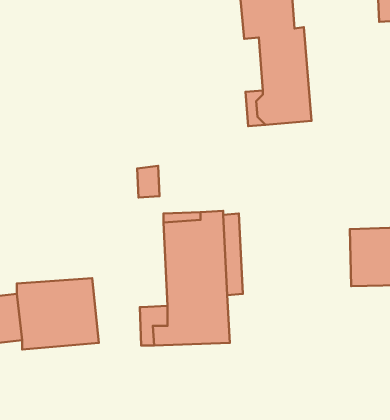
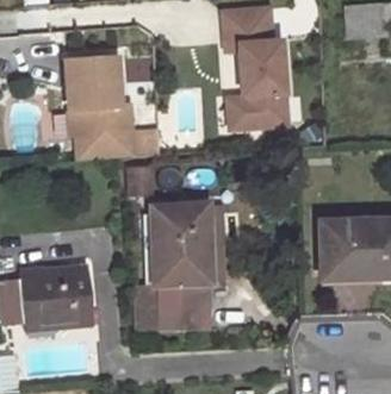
building: none -> [66,57,132,161]

